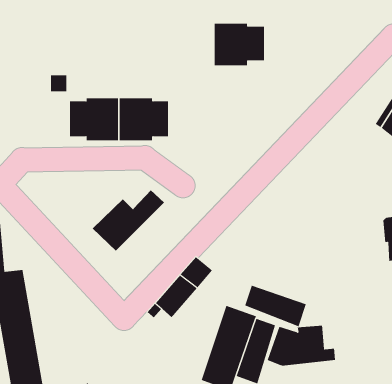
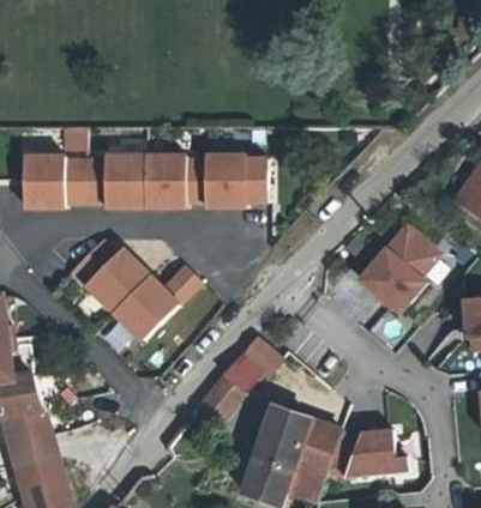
building: [214,23,265,66] -> [208,157,269,208]
building: none -> [26,157,88,208]
building: none -> [361,226,440,314]
building: none -> [73,241,152,314]
building: [244,285,306,327] -> none

